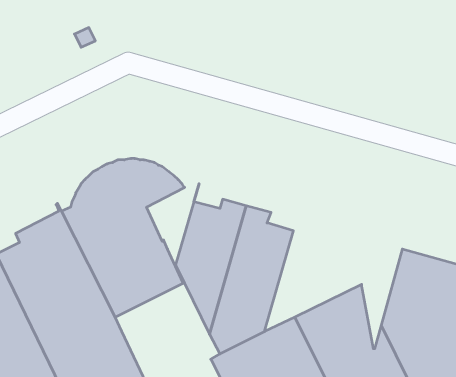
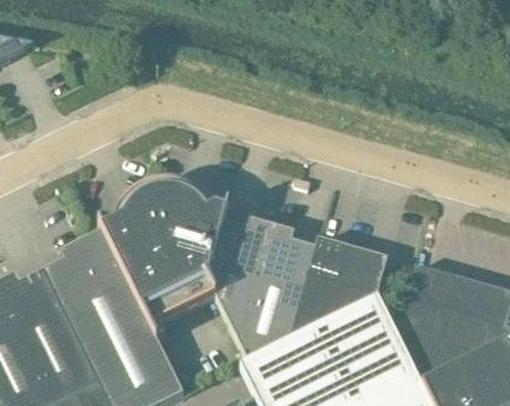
building: none -> [180,202,228,293]
building: none -> [288,234,388,338]

